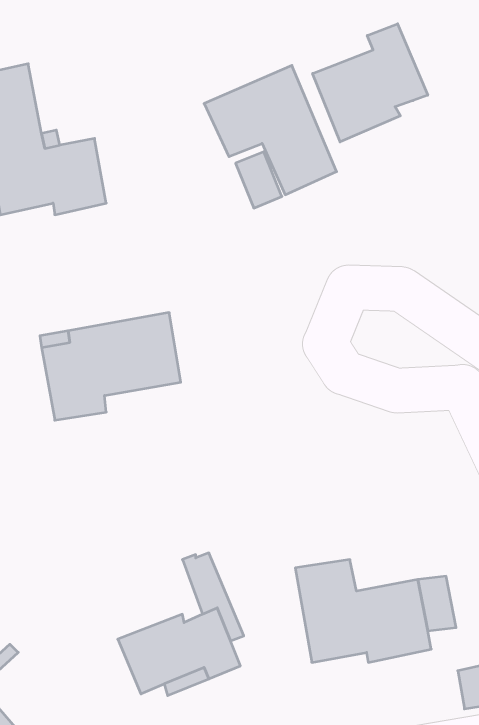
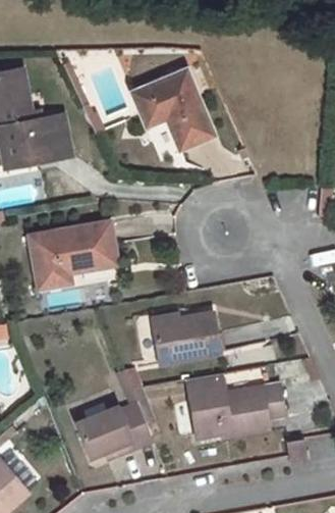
building: [313,24,428,142] -> none
building: none -> [152,311,221,363]

